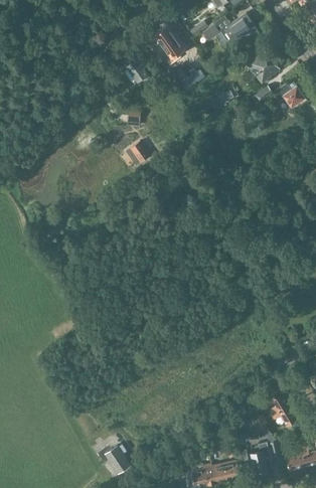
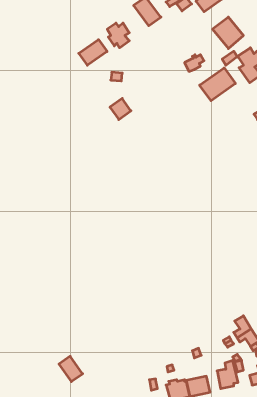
building: none -> [79,40,107,65]
building: none -> [200,68,235,101]
building: [106,446,133,475] -> [59,356,83,382]

